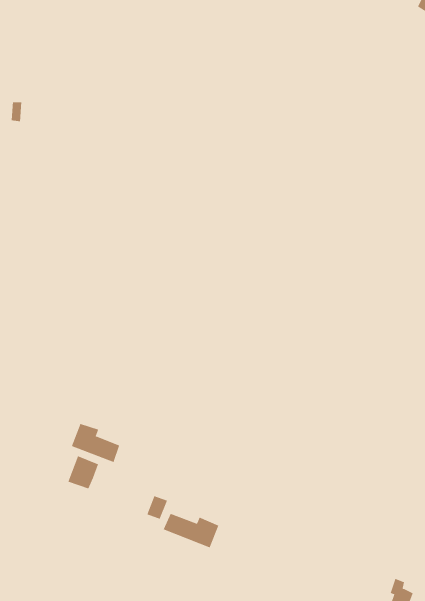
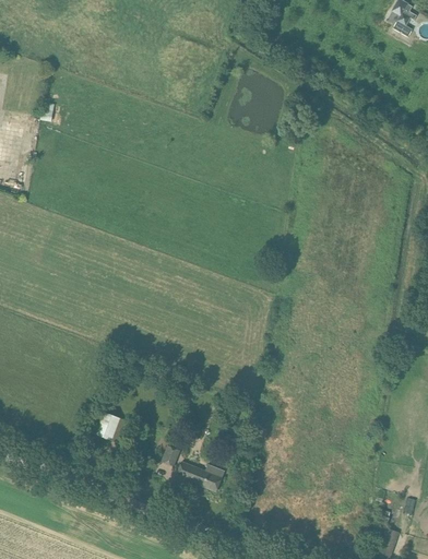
building: [71,423,120,463] -> none

